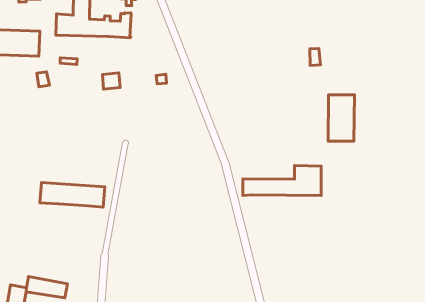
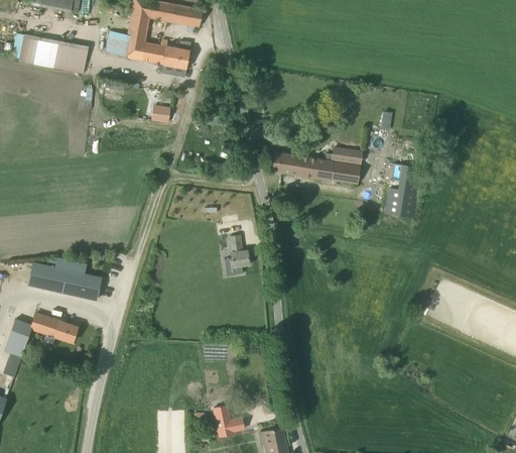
building: [243,165,321,196] -> [272,146,363,184]
building: none -> [225,235,250,267]
building: [40,182,105,207] -> [28,262,102,300]

